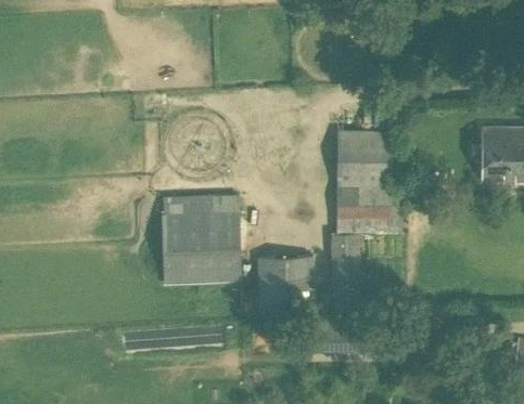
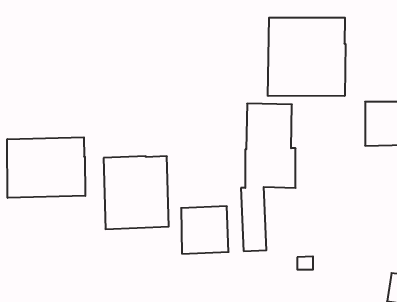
building: none -> [268,18,345,96]
building: none -> [7,137,85,198]

